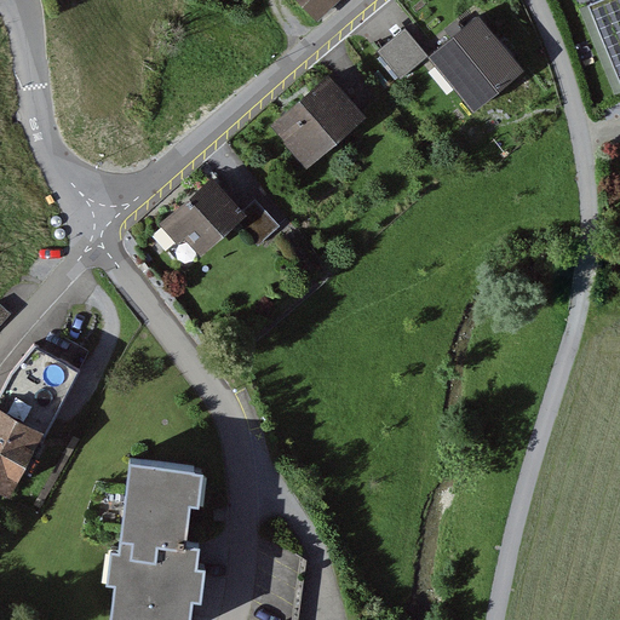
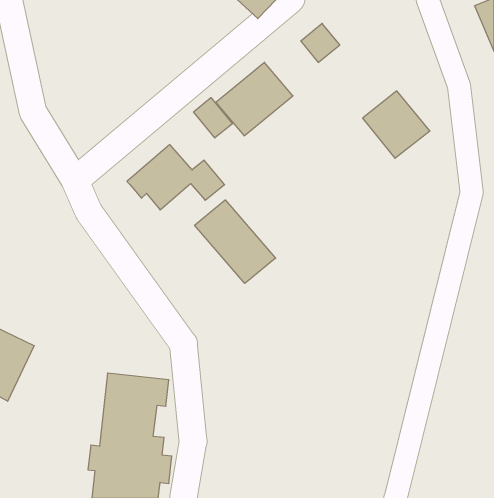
building: [429,23,512,107] -> [363,91,430,158]
building: none -> [194,98,232,138]
building: none -> [195,200,276,283]

